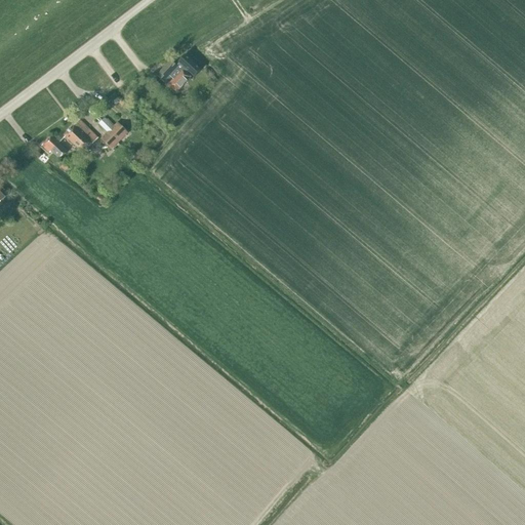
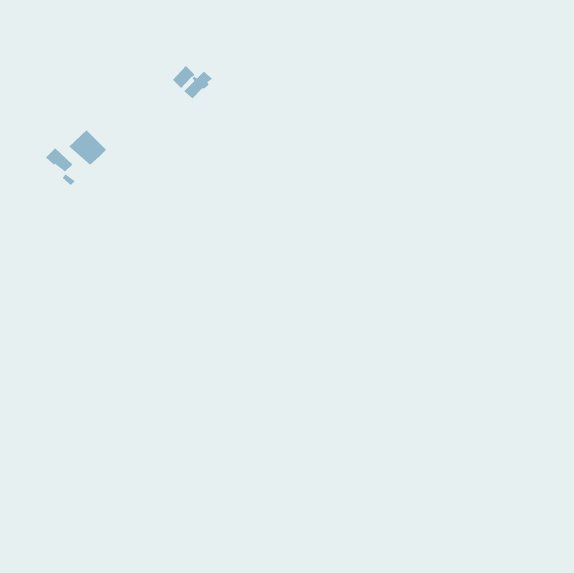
building: [97,115,128,149] -> none

